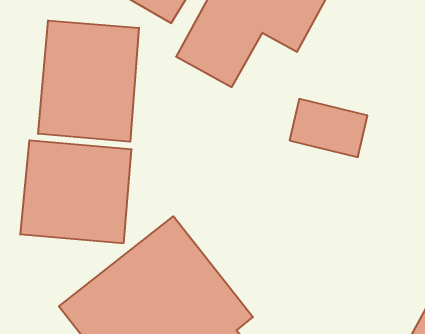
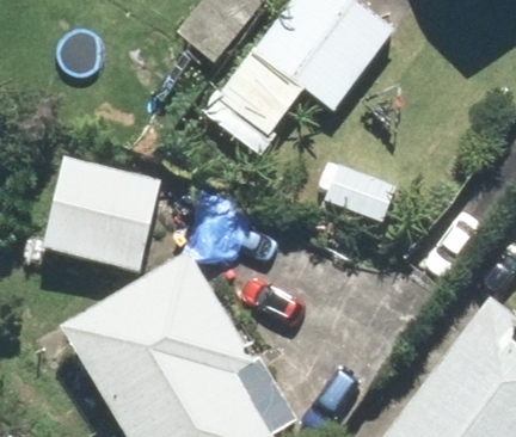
building: [38,20,139,142] -> none

